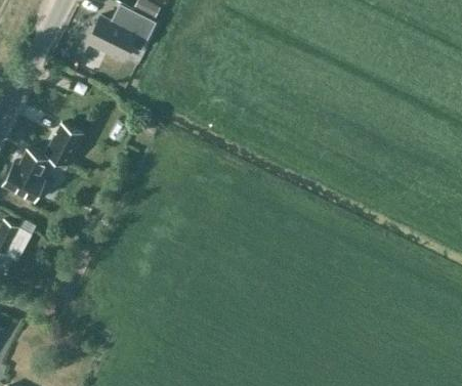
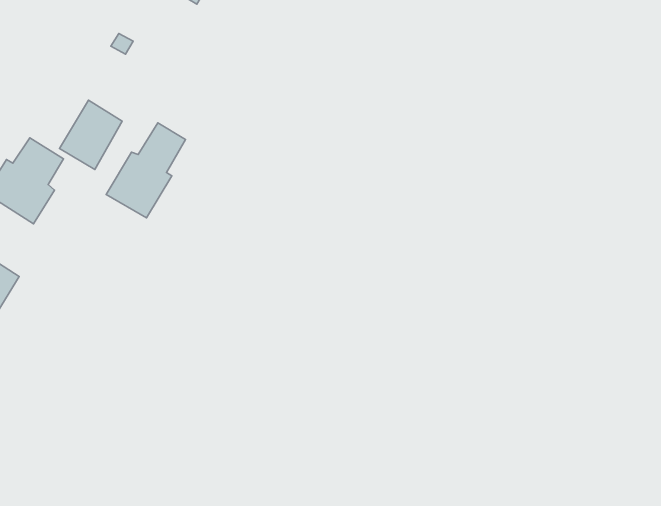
building: none -> [106,123,185,218]

